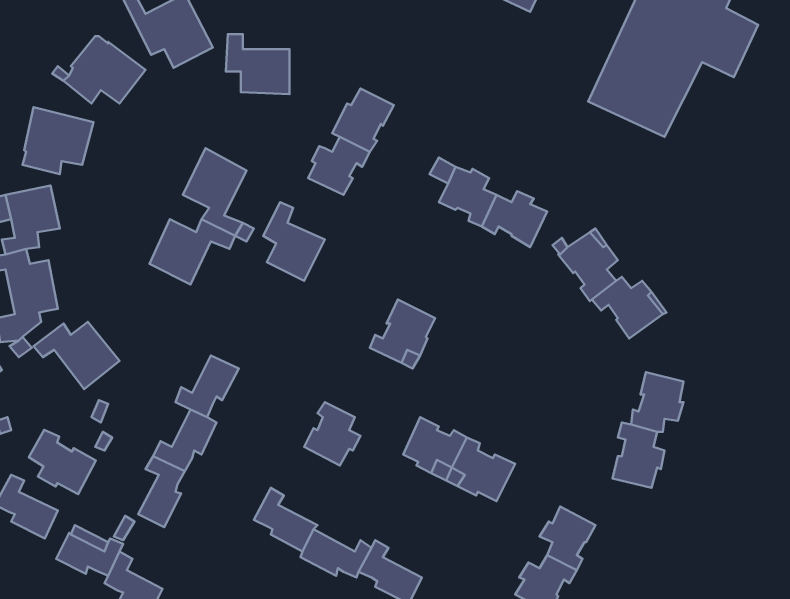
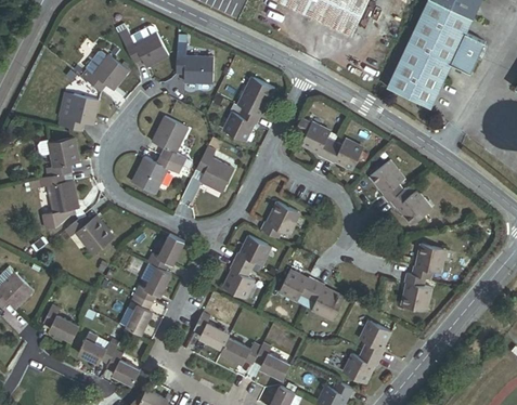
building: none -> [233,237,268,271]
building: [29,430,96,494] -> none

